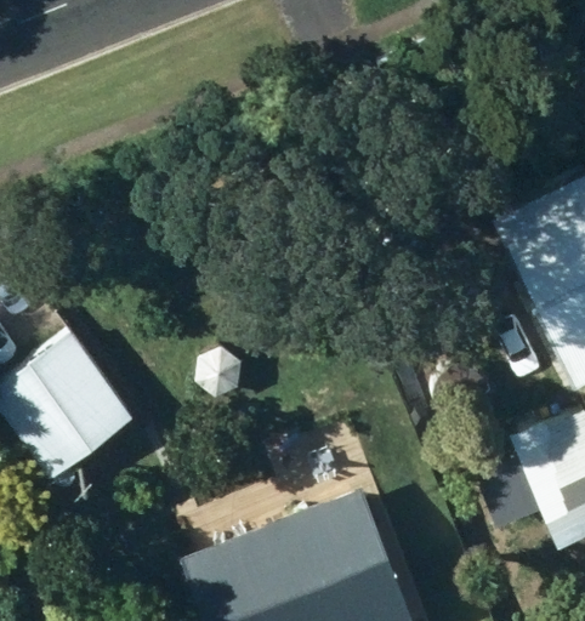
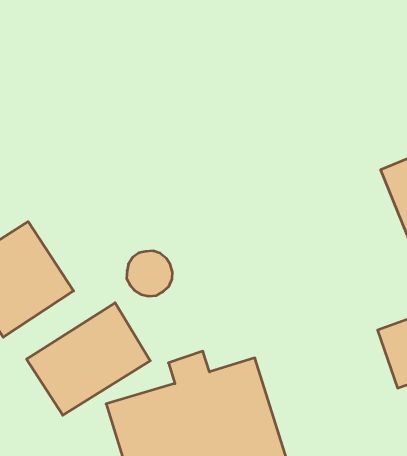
building: none -> [27,303,150,415]

